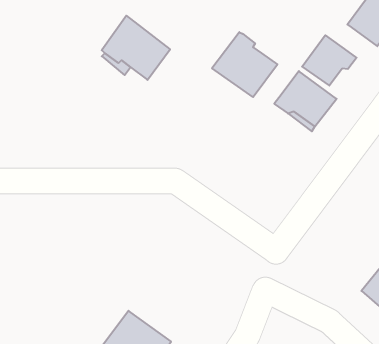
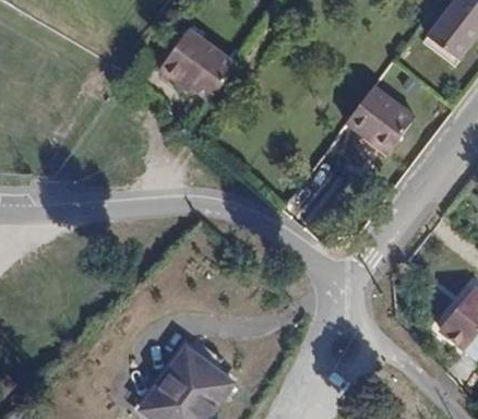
building: [212,32,277,97] -> none
building: [302,35,357,86] -> none

